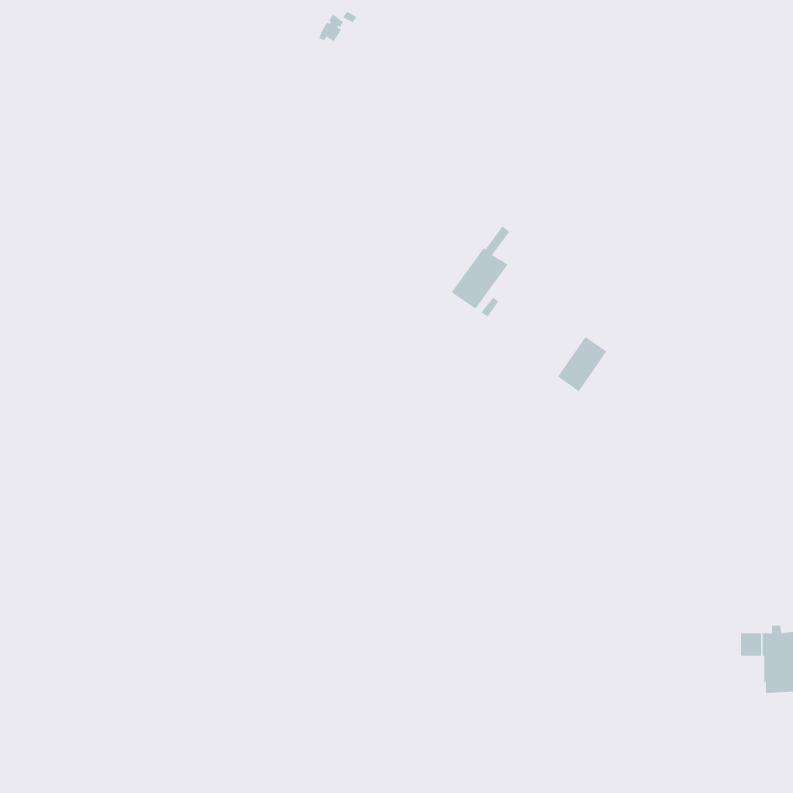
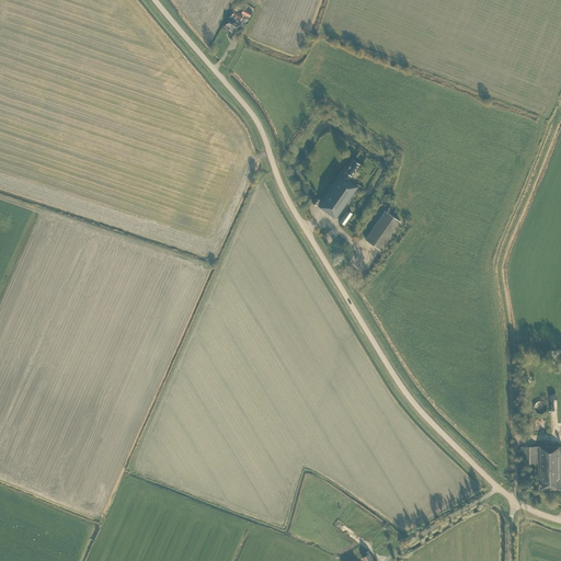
building: [557,336,607,392] -> [366,210,401,250]

